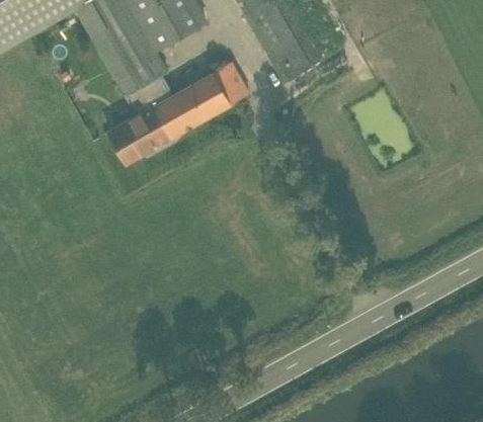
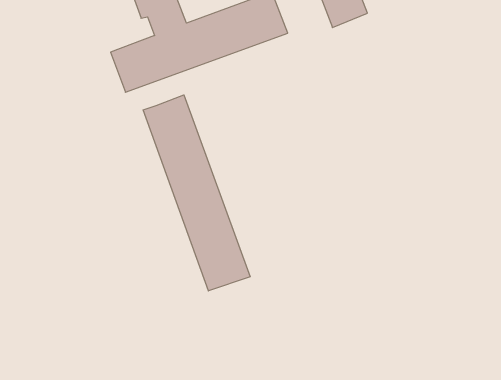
building: none -> [143,95,250,291]

